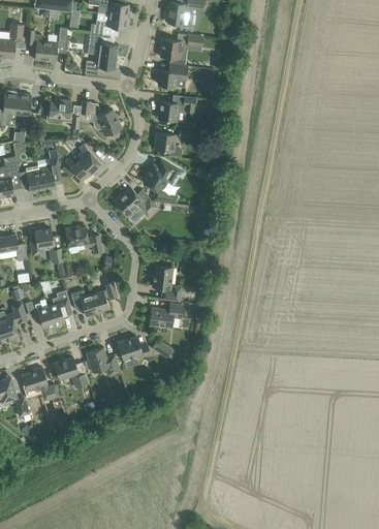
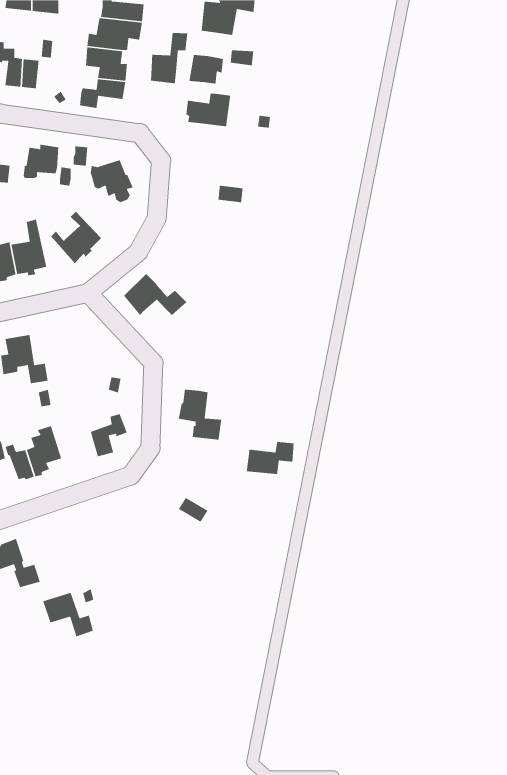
building: none -> [150,32,188,84]
building: [157,97,194,122] -> none
building: [153,132,182,157] -> none
building: [143,160,178,204] -> none
building: [64,226,101,253] -> none
building: [69,289,96,316] -> none
building: [149,304,182,326] -> [246,441,295,475]
building: [117,337,149,360] -> none
building: [86,347,120,375] -> none
building: [53,357,88,388] -> [42,592,94,637]

